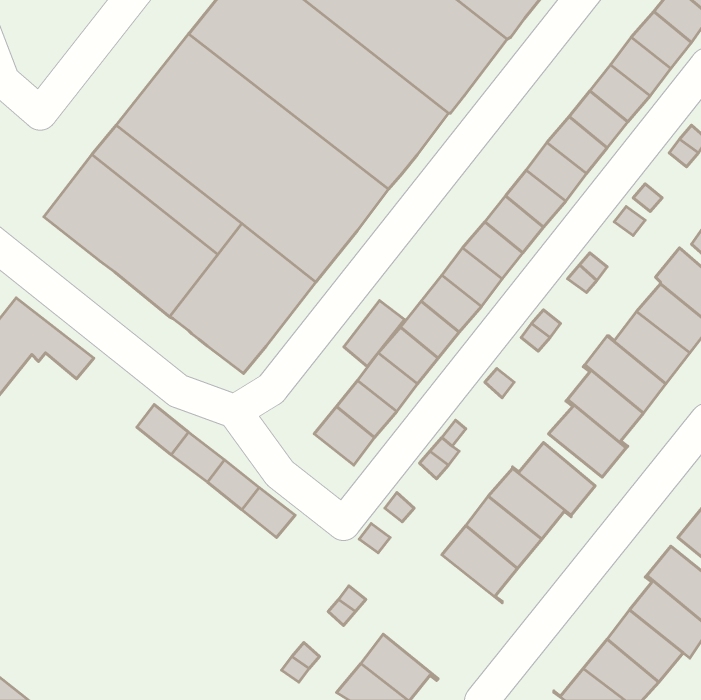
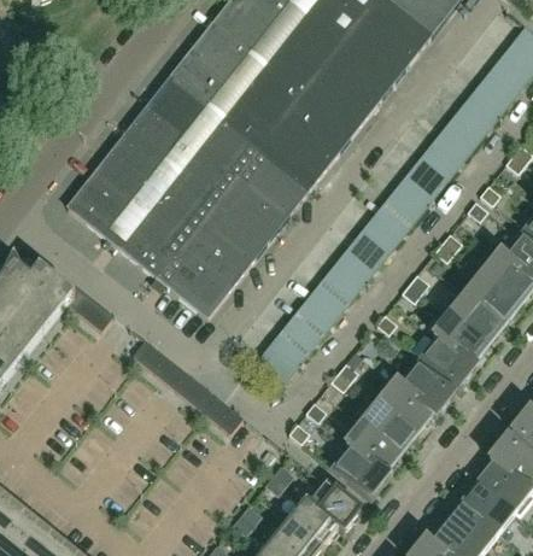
building: [344,301,405,367] -> none
building: none -> [329,444,388,498]
building: none -> [305,484,361,531]

